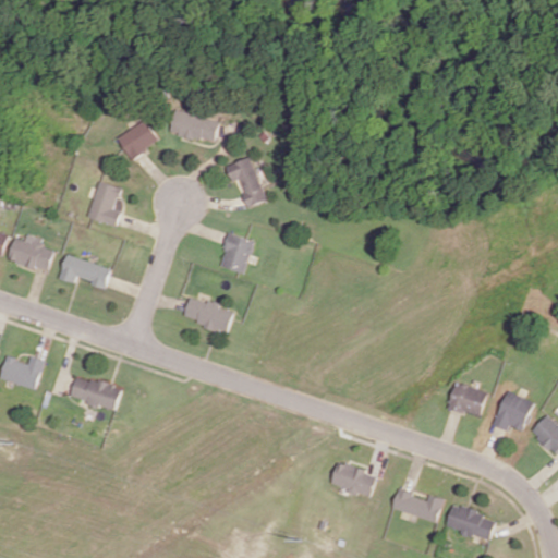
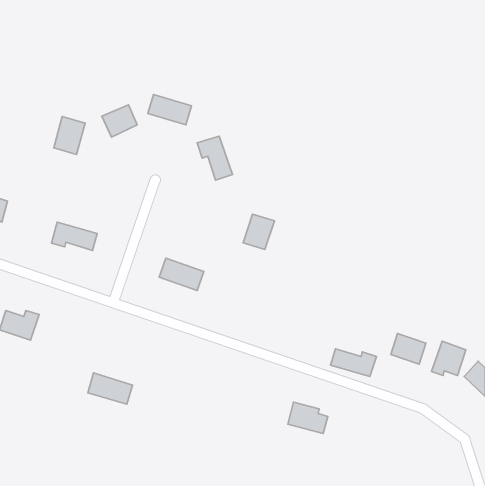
building: [87,182,123,226] -> [54,116,85,154]
building: [218,233,254,274] -> [243,214,275,250]
building: [7,234,53,272] -> none
building: [70,375,121,411] -> [88,373,133,404]
building: [391,490,444,522] -> [331,349,376,377]
building: [445,505,496,541] -> none

